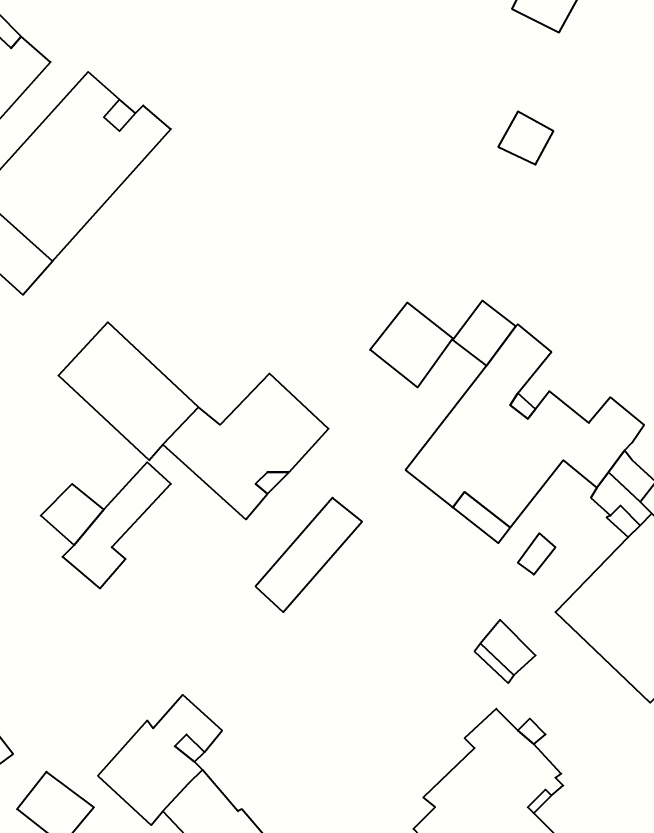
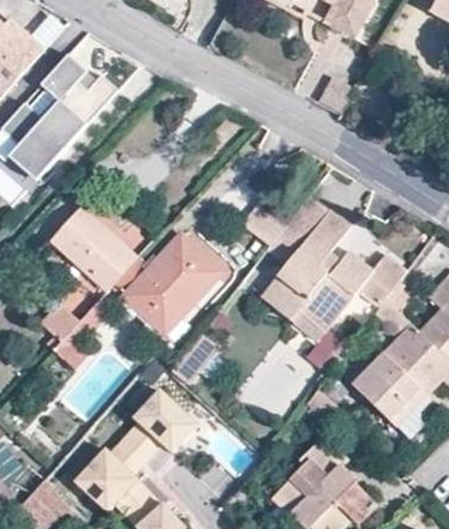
building: none -> [126,389,197,455]

